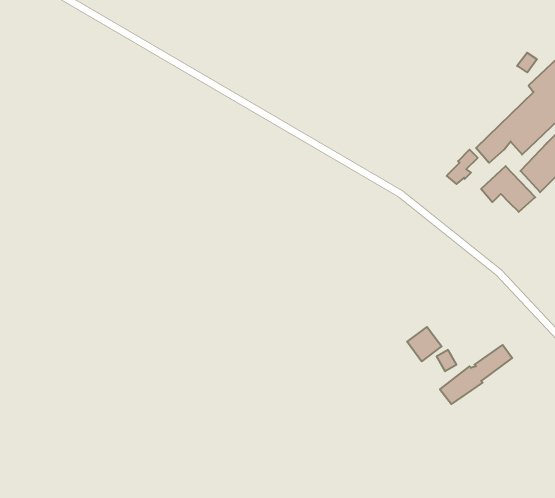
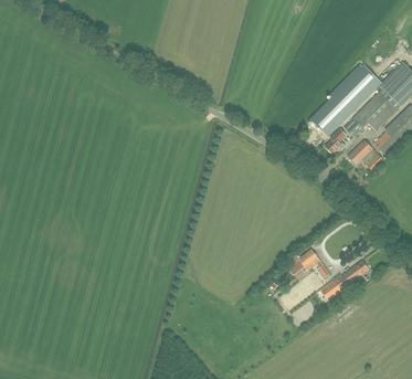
building: none -> [311,64,378,134]

